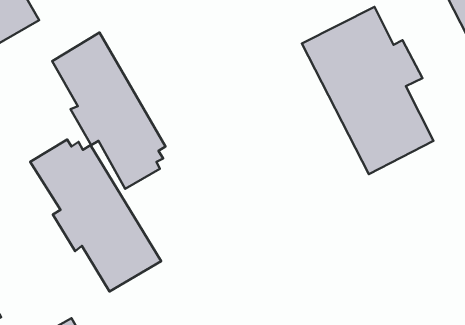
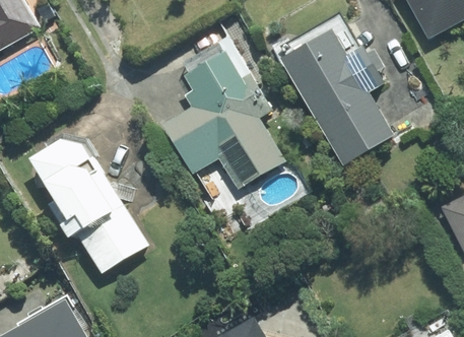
building: [52,33,166,189] -> none
building: none -> [162,47,284,189]

